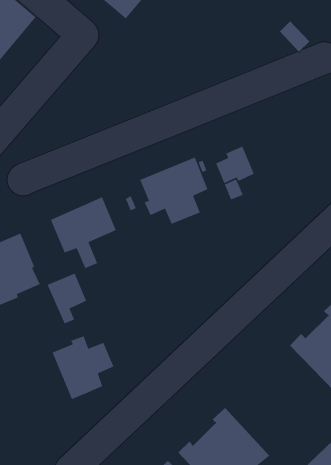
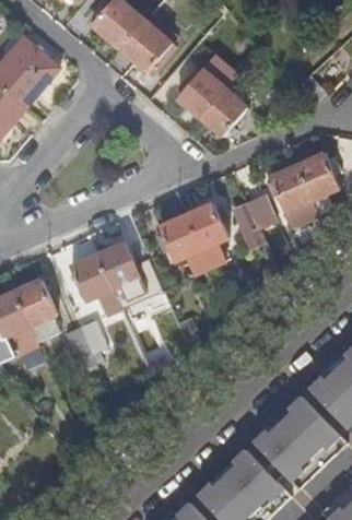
building: none -> [177,68,244,131]
building: none -> [270,152,340,227]
building: [51,335,115,400] -> none
building: none -> [253,397,344,489]

